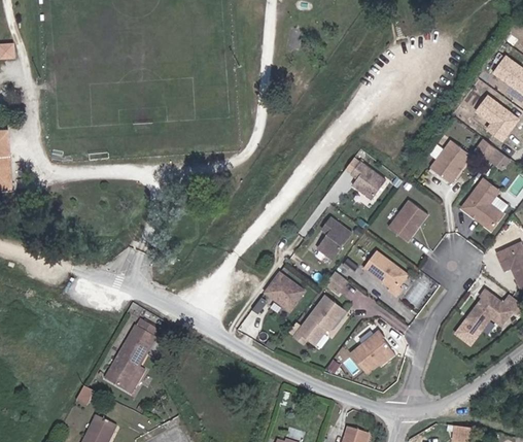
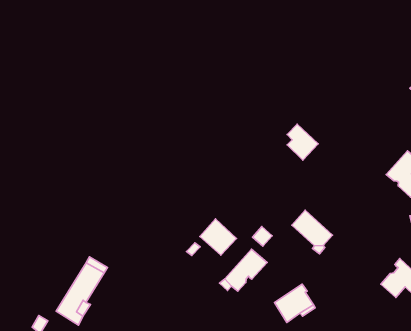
building: [428,136,469,179] -> none
building: [387,201,426,243] -> none
building: [313,214,348,256] -> none

